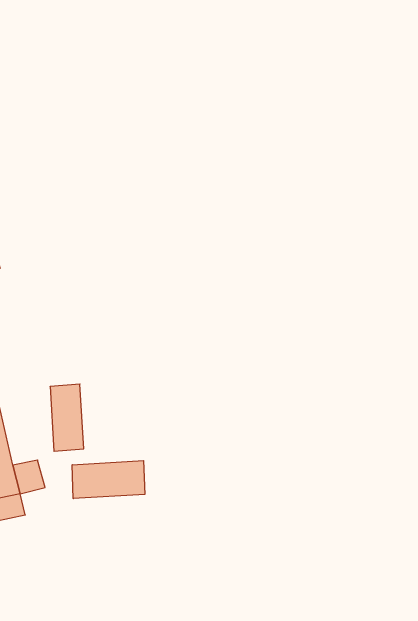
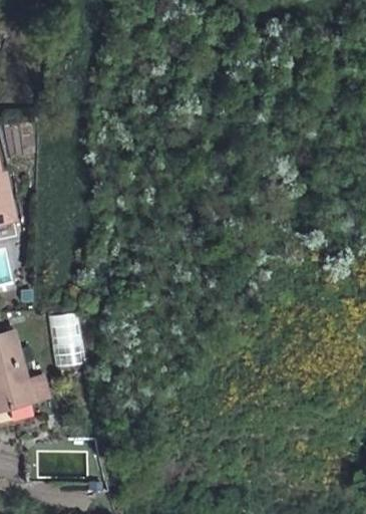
building: [72,461,145,499] -> none

